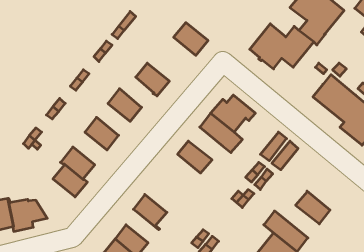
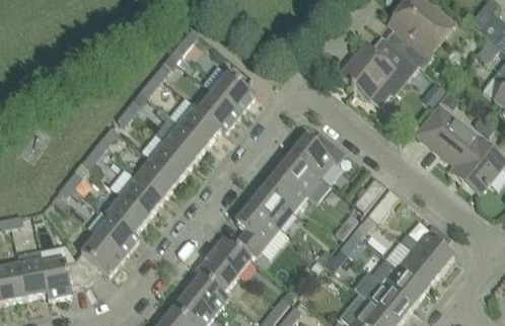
building: [174,23,208,55] -> [212,73,255,113]
building: none -> [177,104,220,146]
building: none -> [149,141,191,180]
building: none -> [263,170,305,211]
building: none -> [120,176,162,217]
building: none -> [235,203,287,257]
building: none -> [399,232,452,272]
building: none -> [74,234,123,282]
building: none -> [209,236,250,275]
building: none -> [373,259,425,307]
building: none -> [186,274,226,313]

